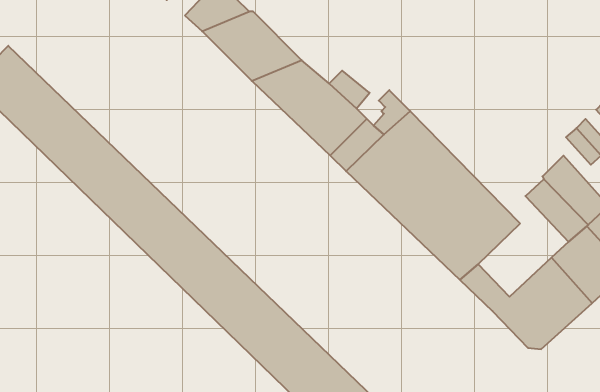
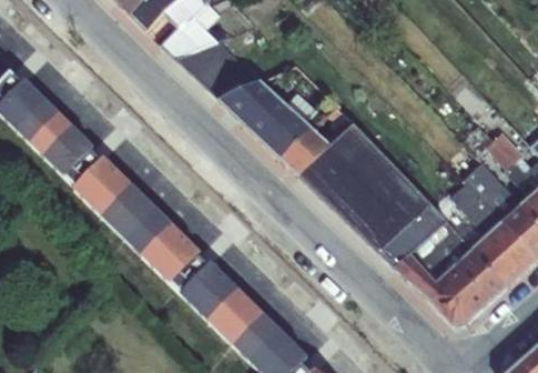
building: none -> [410,220,473,282]

